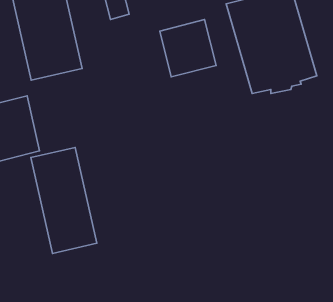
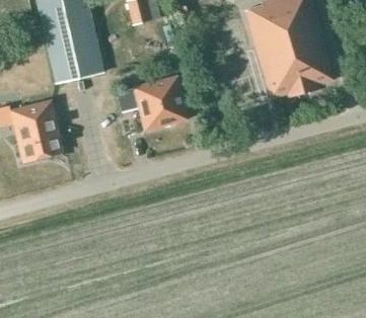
building: [160,20,216,77] -> [133,75,188,131]
building: [31,147,97,253] -> none

